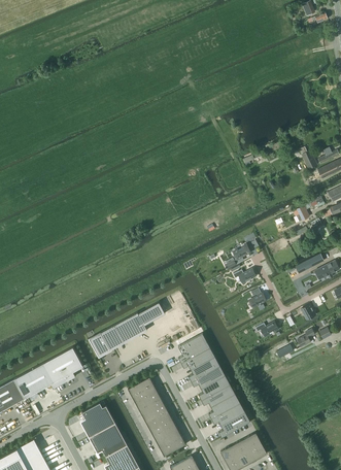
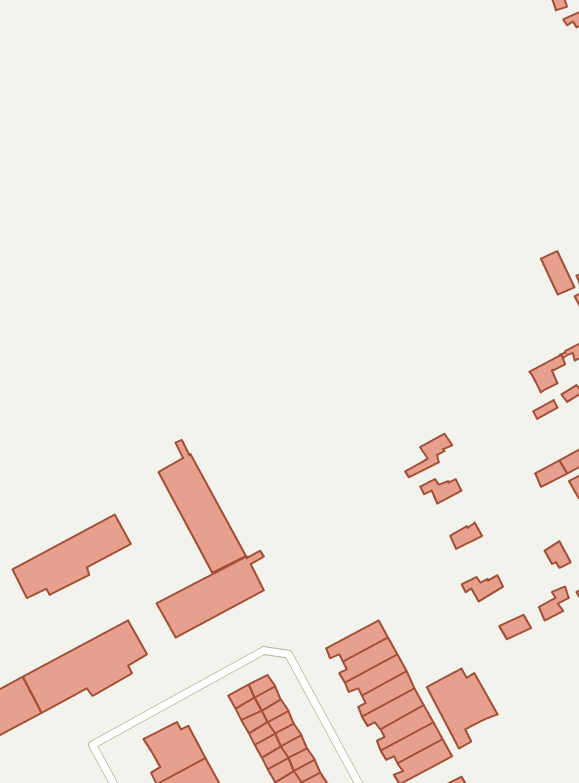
building: none -> [159,440,246,573]
building: none -> [12,515,131,598]
building: [177,334,209,363] -> none
building: none -> [427,668,498,749]

